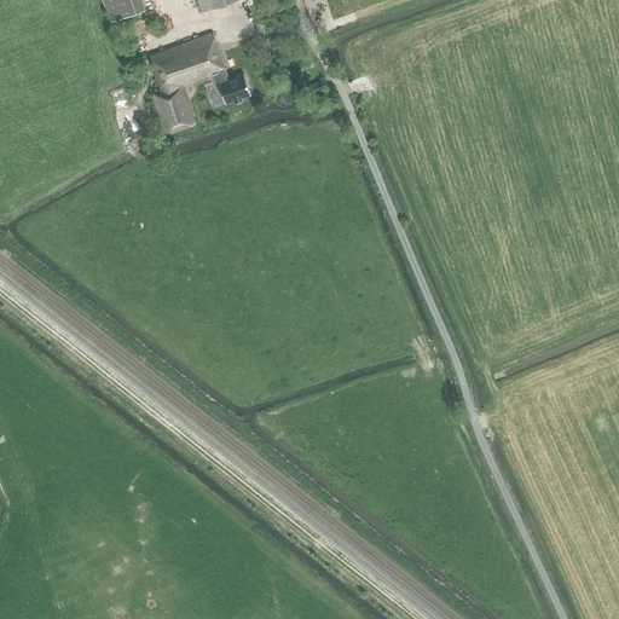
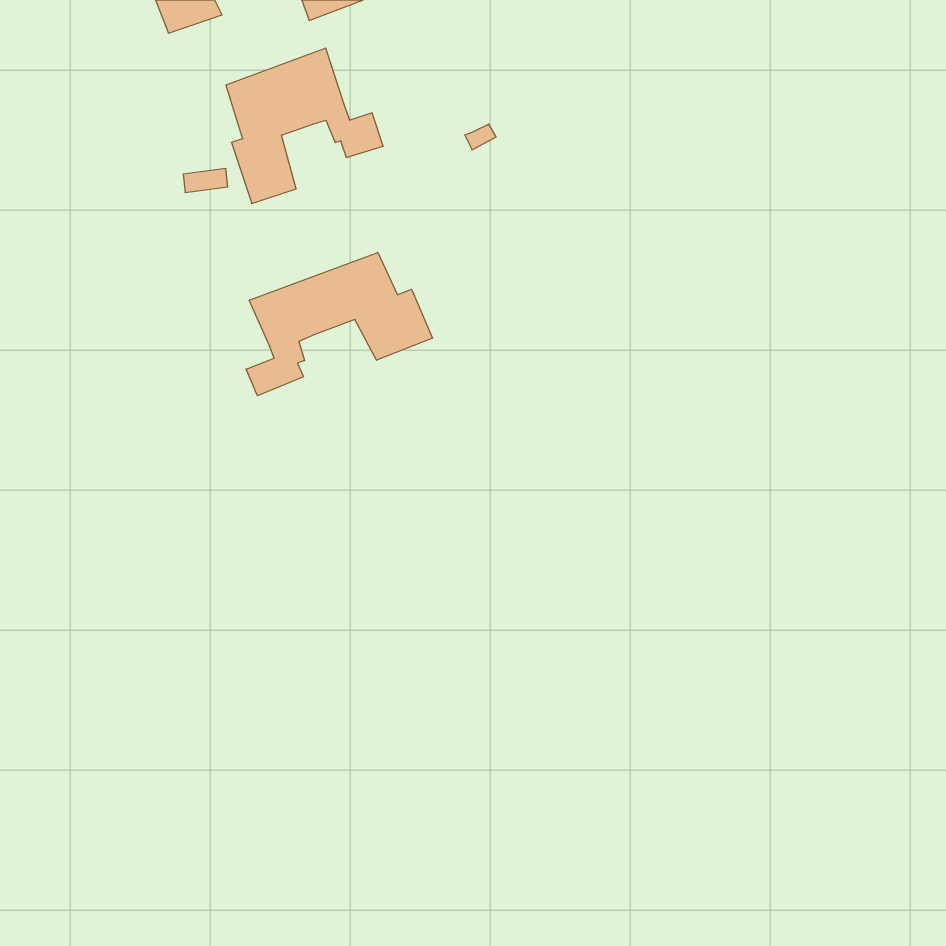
building: none -> [246,252,433,396]

